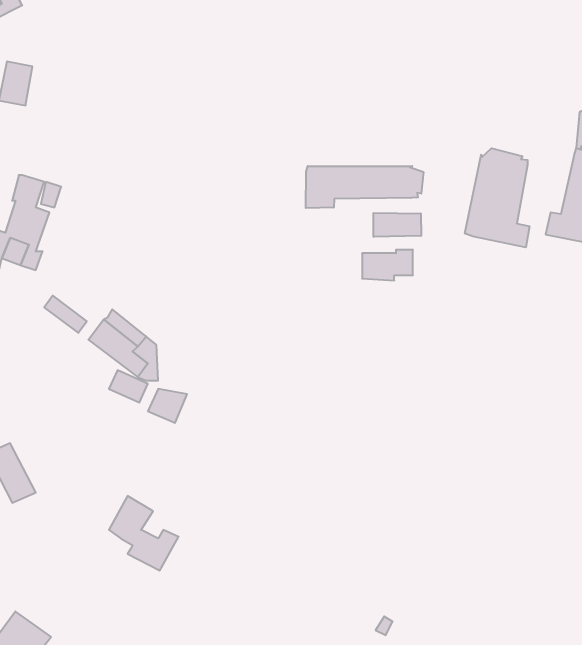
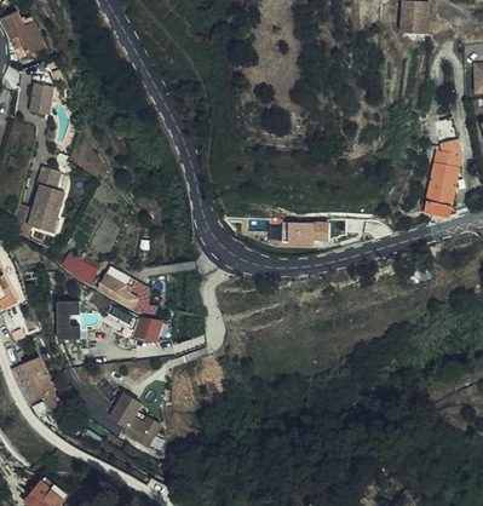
building: [465,148,529,247] -> none
building: [306,166,423,208] -> none
building: [374,213,421,237] -> none
building: none -> [57,300,85,335]

